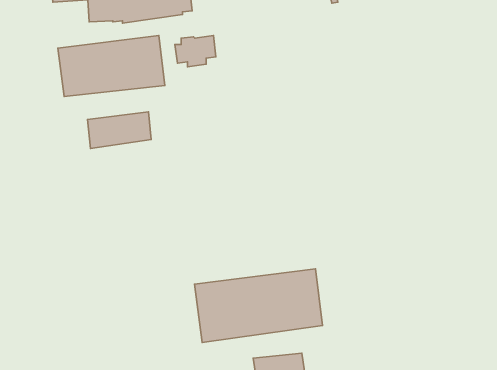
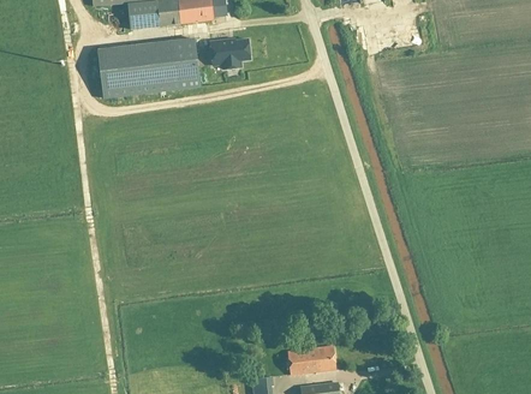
building: [87,112,151,148] -> none
building: [195,269,323,343] -> none

